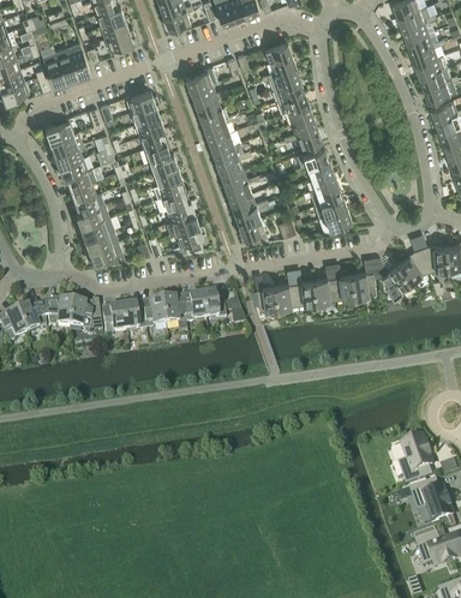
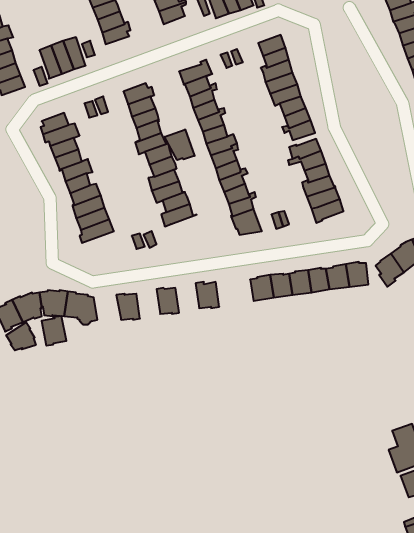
building: none -> [165,129,195,160]
building: [175,222,205,251] -> none
building: [85,239,125,264] -> none
building: [180,292,204,322] -> none
building: [140,298,164,328] -> none
building: [100,304,125,334] -> [42,316,66,346]
building: none -> [6,322,36,350]

